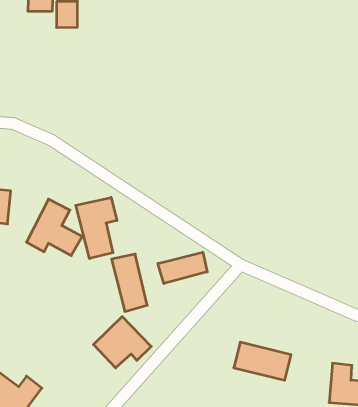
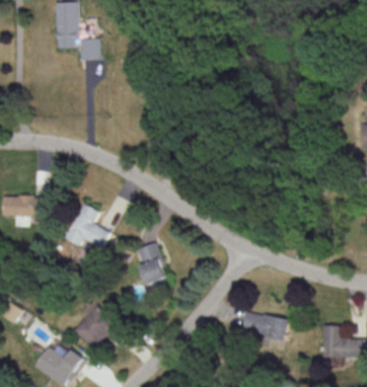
building: [76,197,117,259] -> none
building: [158,252,207,284] -> none
building: [93,317,151,368] -> [73,305,121,347]

